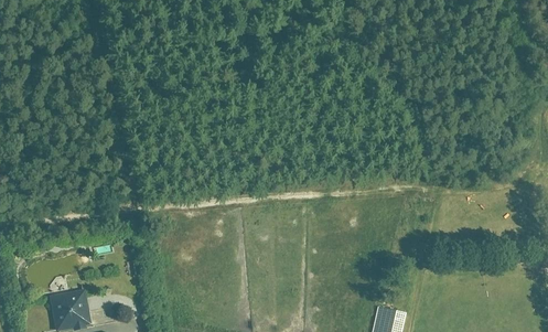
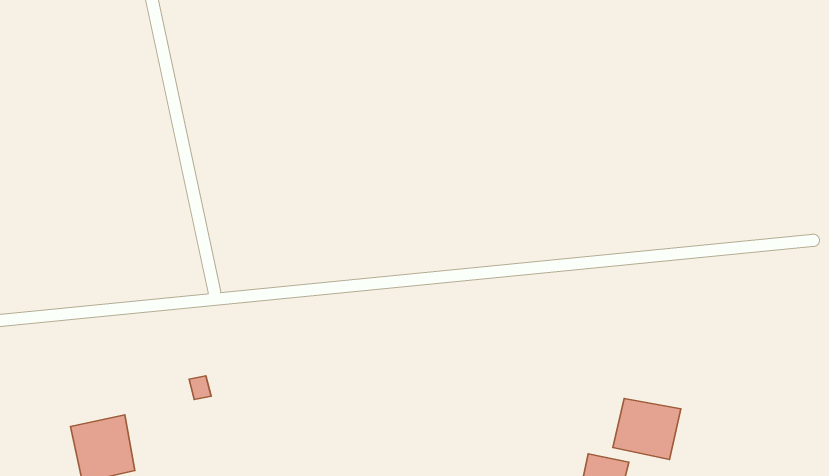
building: none -> [613,398,681,460]

